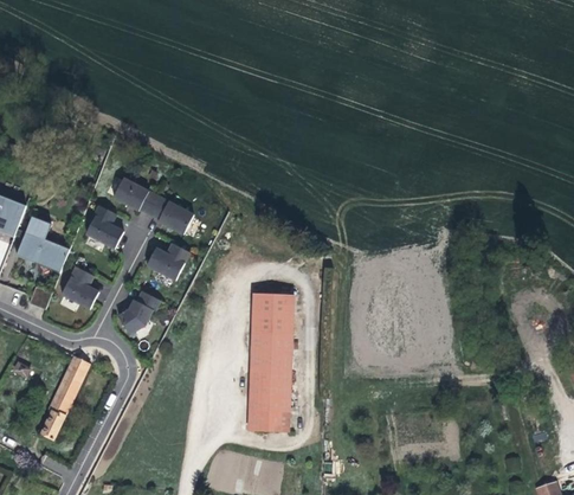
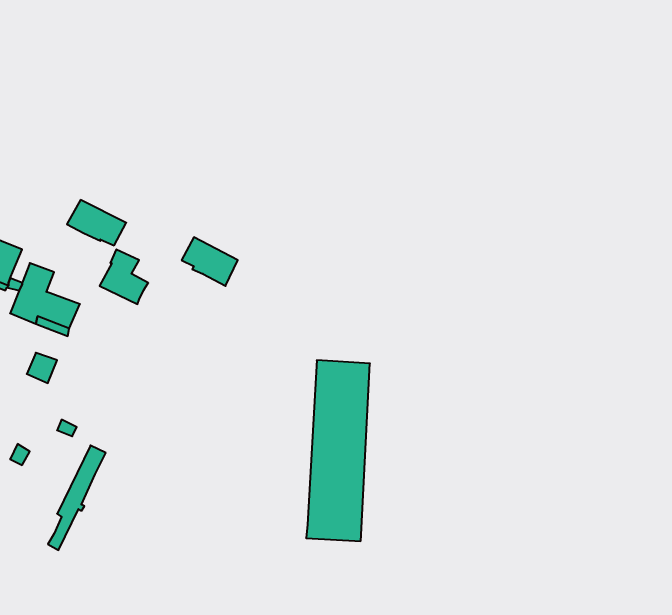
building: [112,178,159,213] -> [67,200,126,245]
building: [147,243,189,279] -> none
building: [62,265,99,308] -> none
building: [118,290,161,334] -> none

